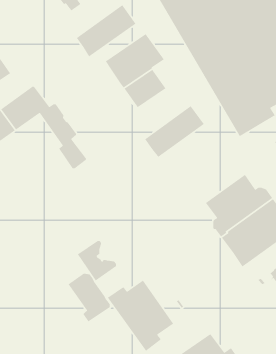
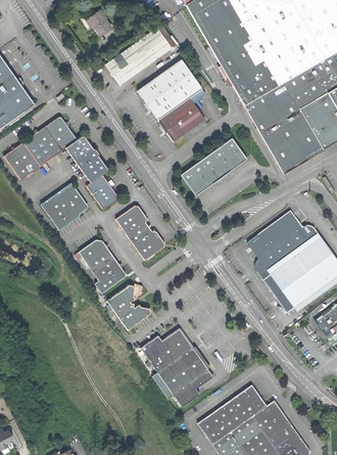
building: none -> [41,182,87,229]
building: none -> [114,206,163,261]
building: [68,273,111,323] -> [78,239,125,293]

